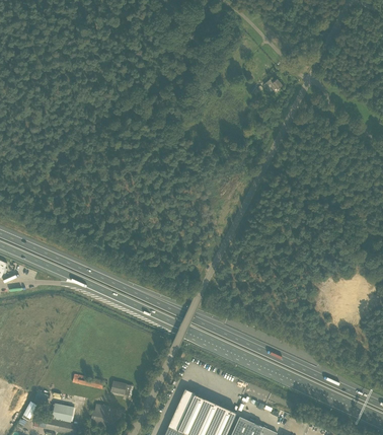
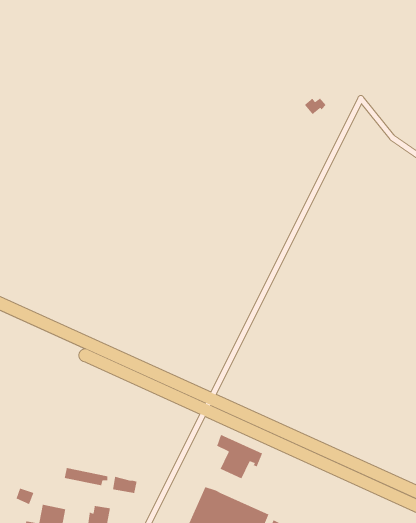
building: none -> [216,434,263,480]

